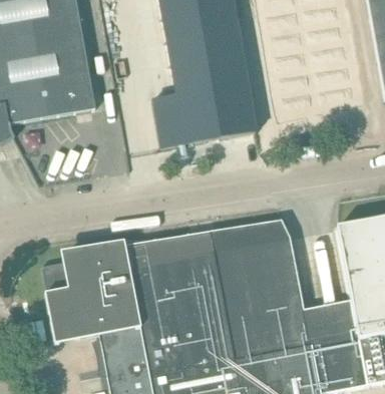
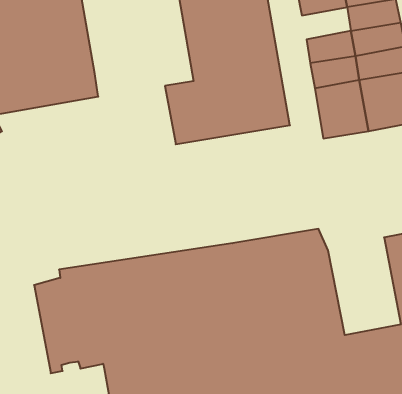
building: [266,32,307,59] -> none

